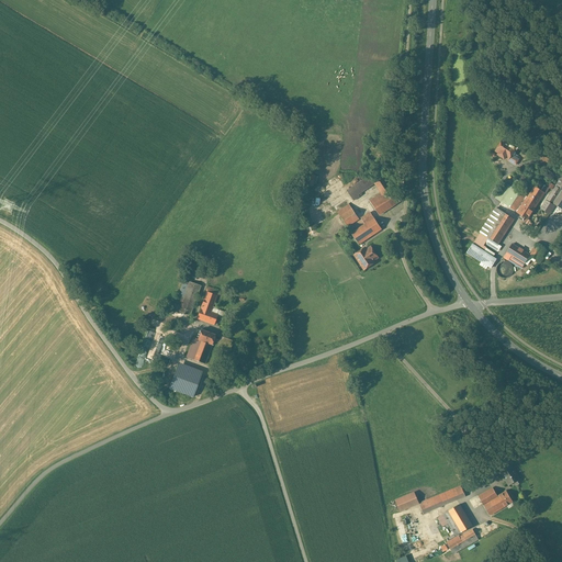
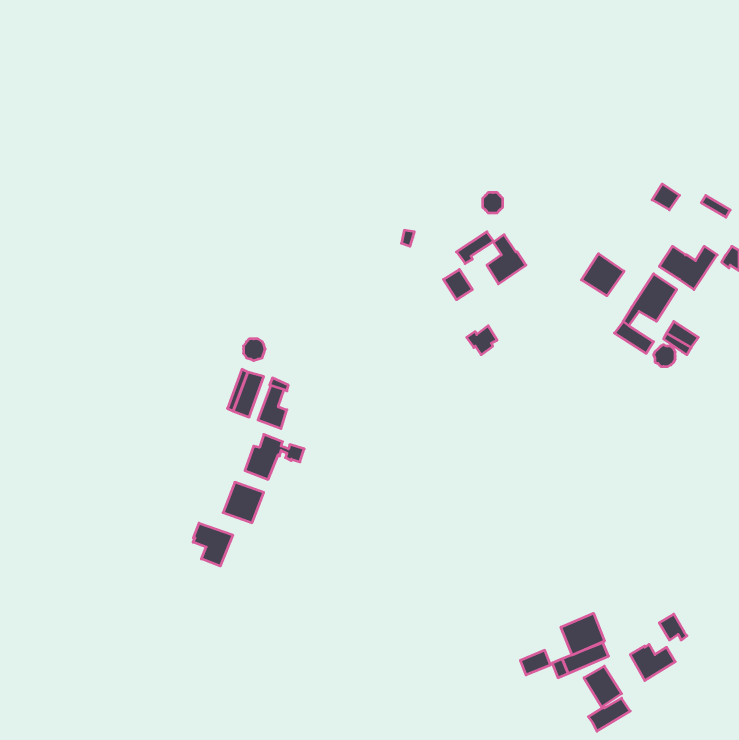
building: none -> [581,254,624,296]
building: [350,212,380,244] -> none
building: none -> [193,523,233,566]
building: none -> [561,613,604,655]

